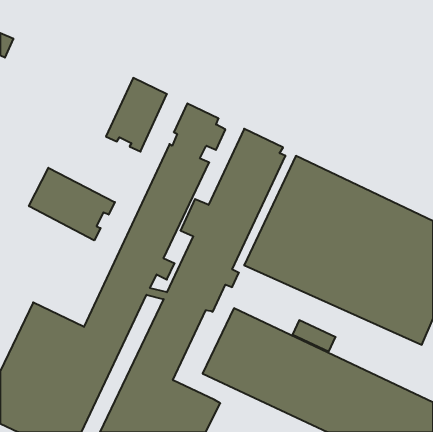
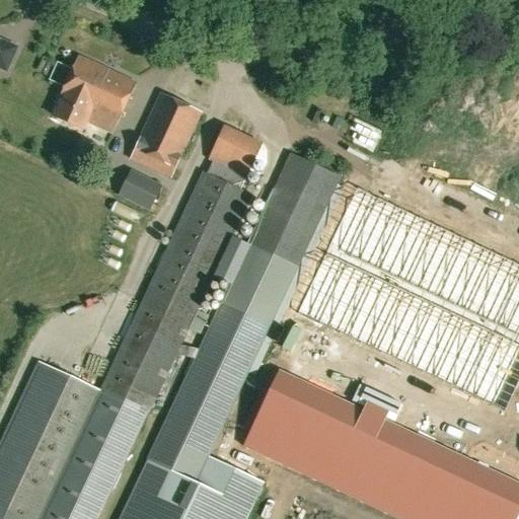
building: none -> [54,56,136,130]
building: none -> [118,169,162,212]
building: [29,168,115,240] -> none

